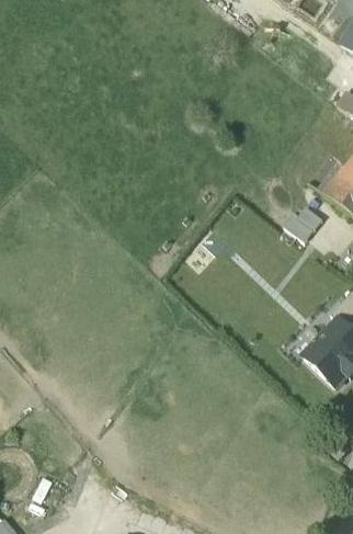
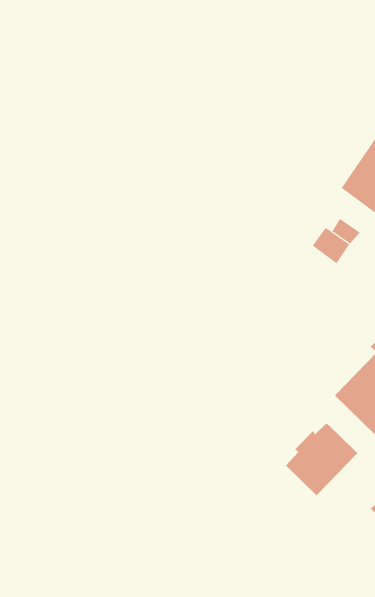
building: none -> [285,423,358,496]

